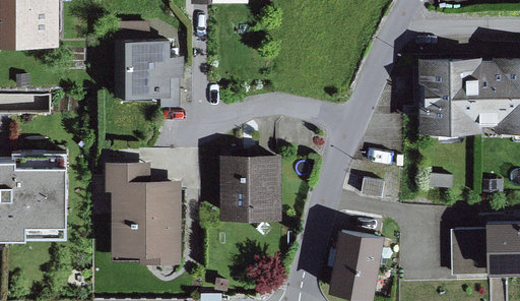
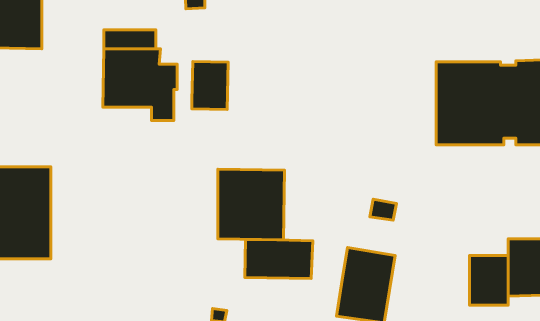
building: none -> [192,61,228,109]
building: [104,167,182,267] -> none
building: none -> [245,240,313,279]

